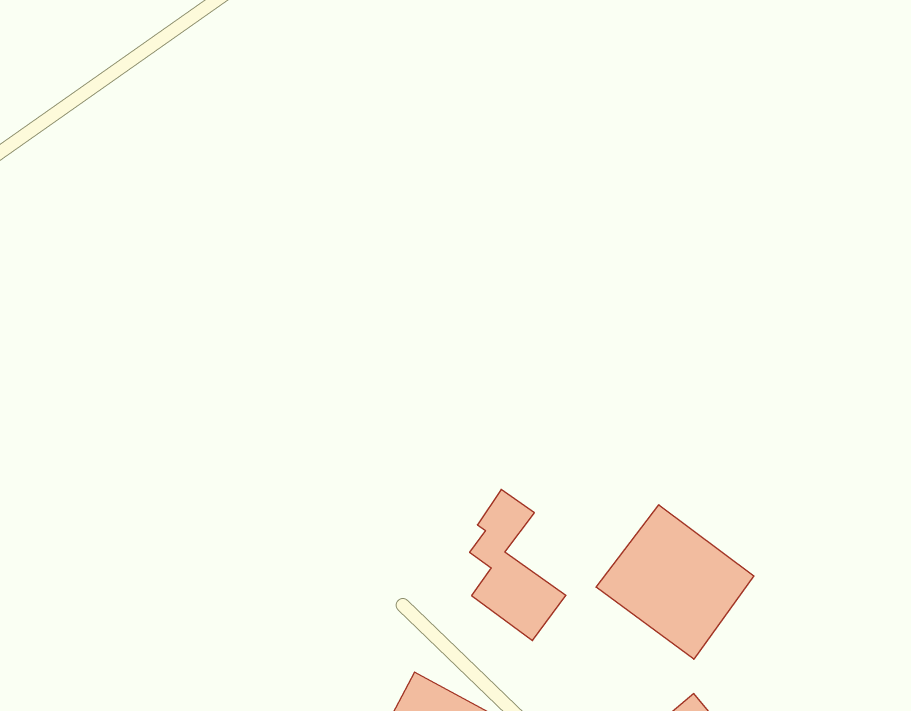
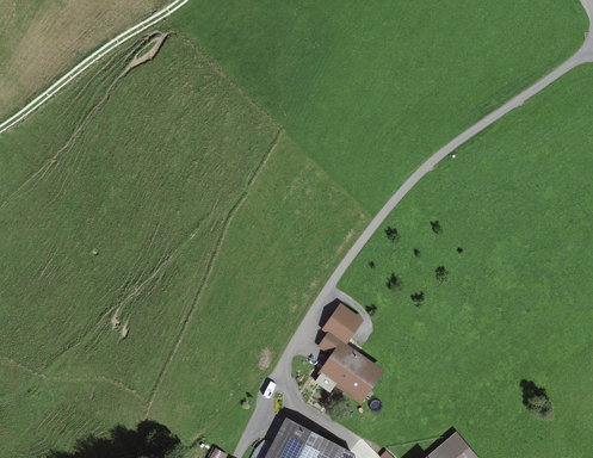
building: [596,505,754,659] -> none

